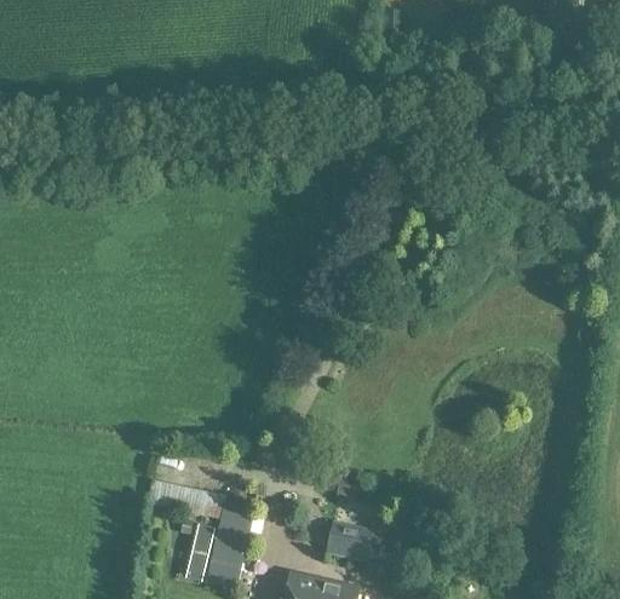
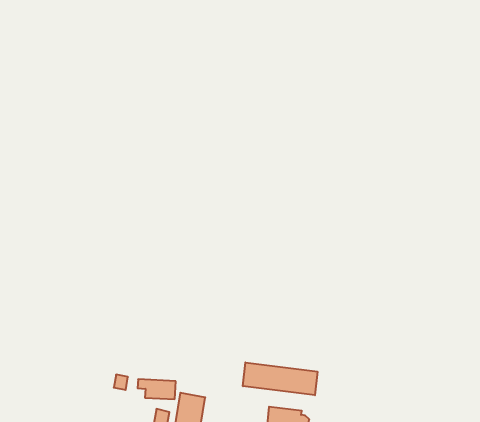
building: none -> [243,362,317,395]

